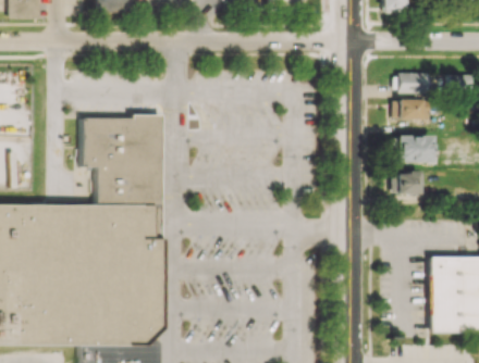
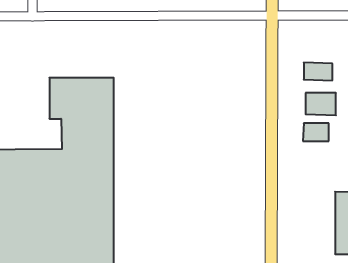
building: [396,72,426,91] -> none

